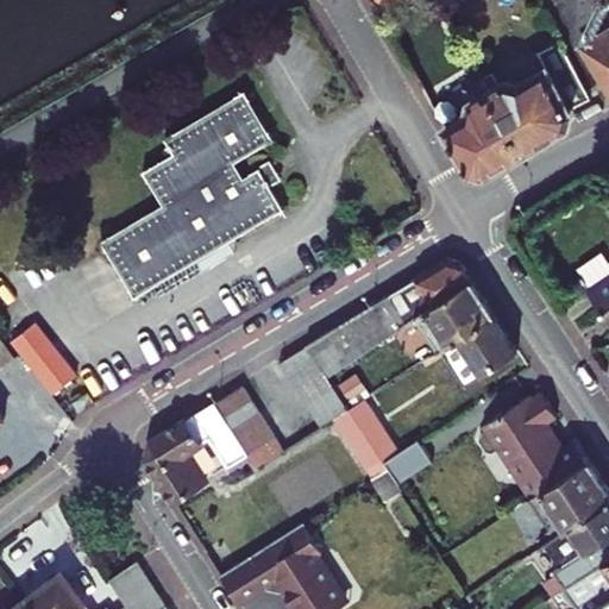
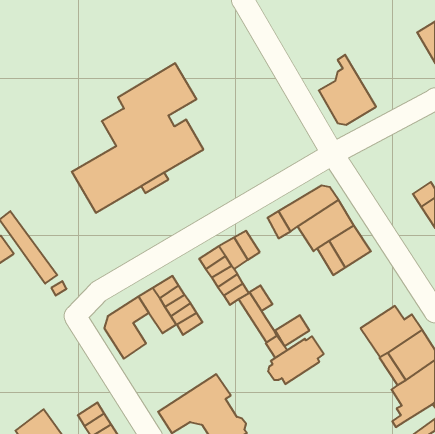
building: [481,44,589,152] -> none
building: [343,307,389,354] -> none
building: [478,394,555,460] -> [268,336,324,384]

